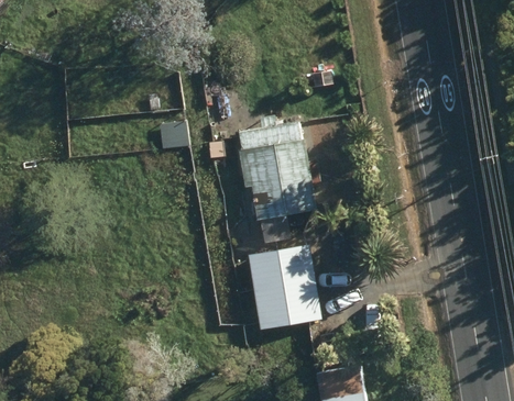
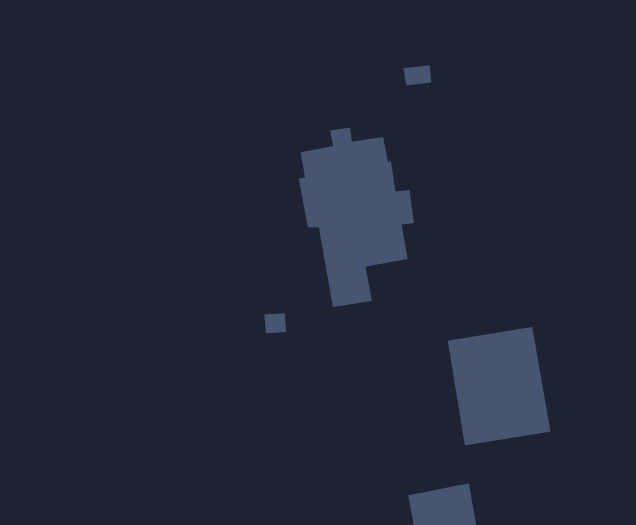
building: [248,244,321,328] -> [447,326,551,446]

